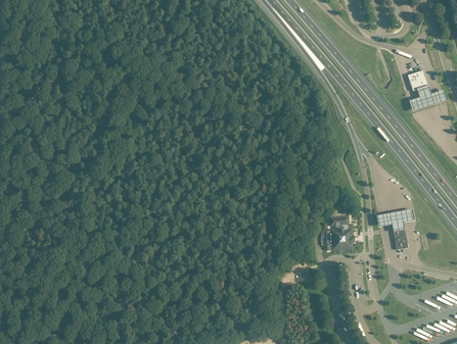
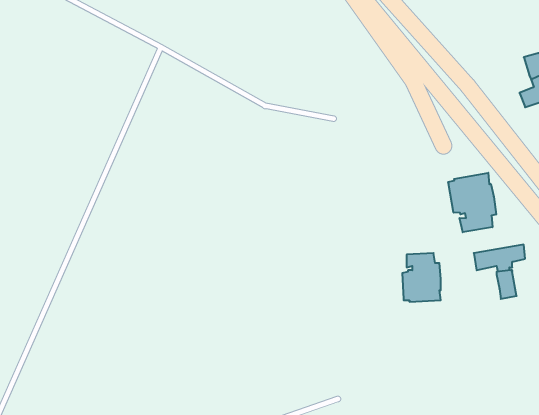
building: none -> [448,173,496,232]

